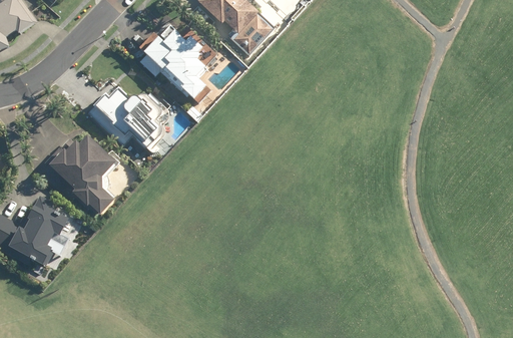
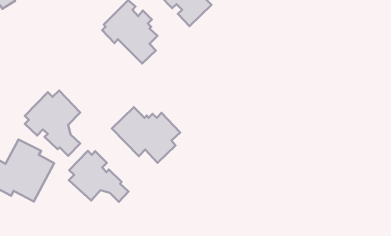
building: [89,83,173,151] -> [112,107,180,163]
building: none -> [69,151,128,202]

